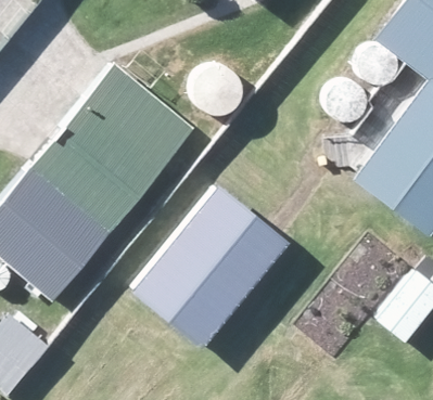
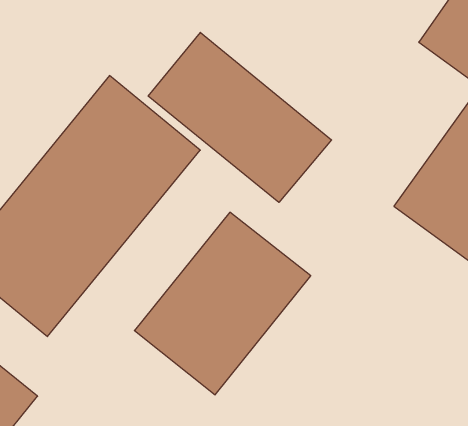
building: none -> [148,32,332,202]

